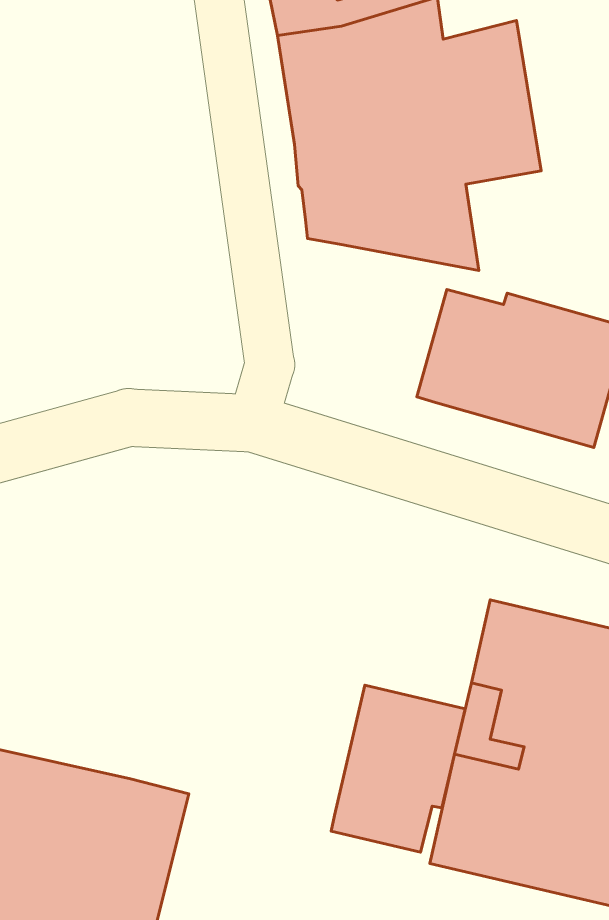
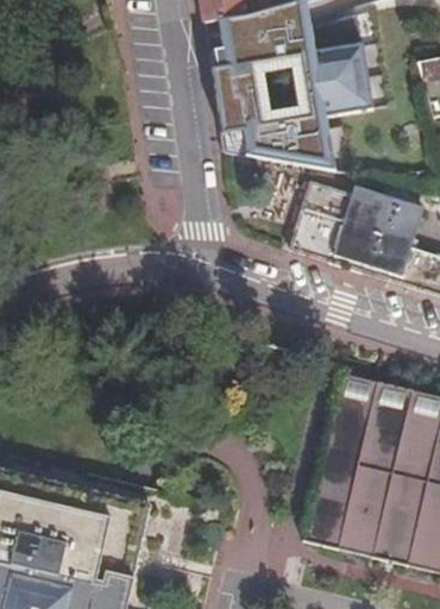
building: [331,685,465,852] -> none

